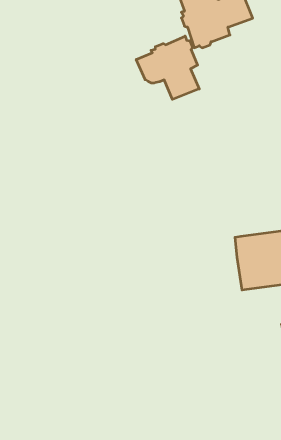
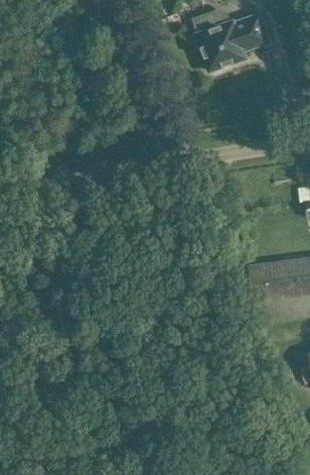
building: [136,36,199,99] -> none

